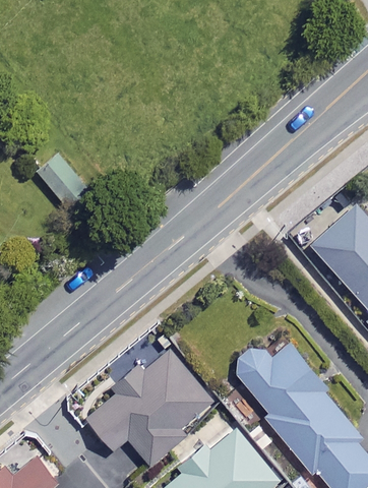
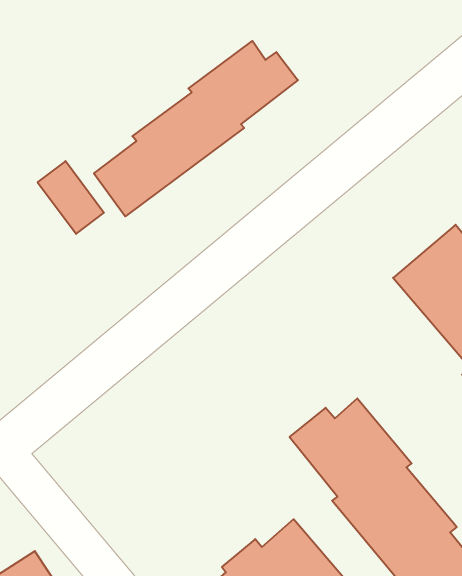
building: none -> [94,41,298,216]
building: [87,346,212,464] -> none

